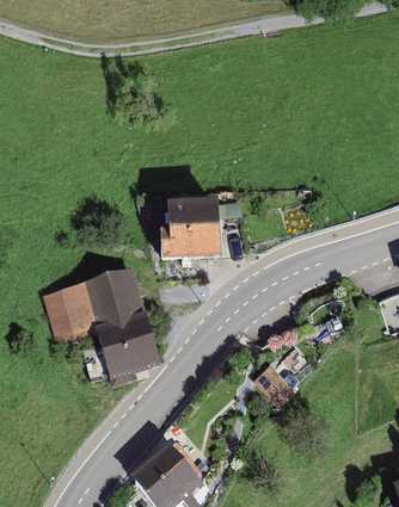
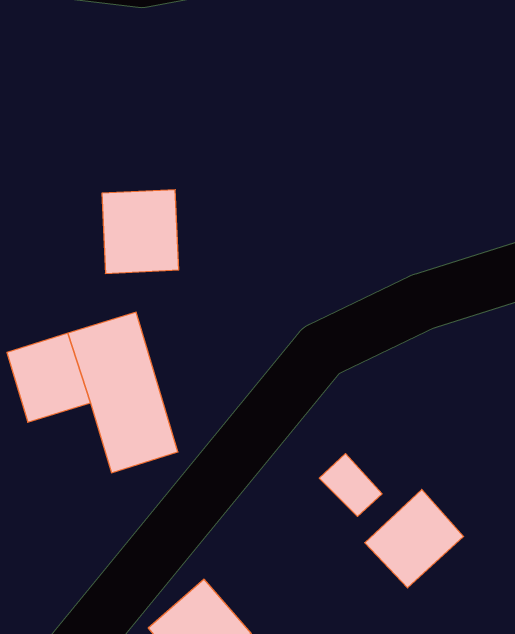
building: [170,204,222,261] -> [102,190,179,273]
building: none -> [365,489,464,588]

